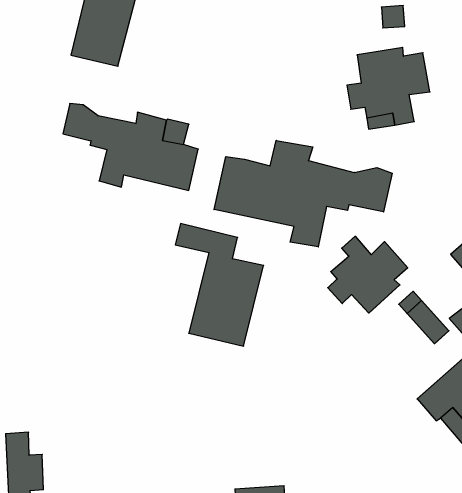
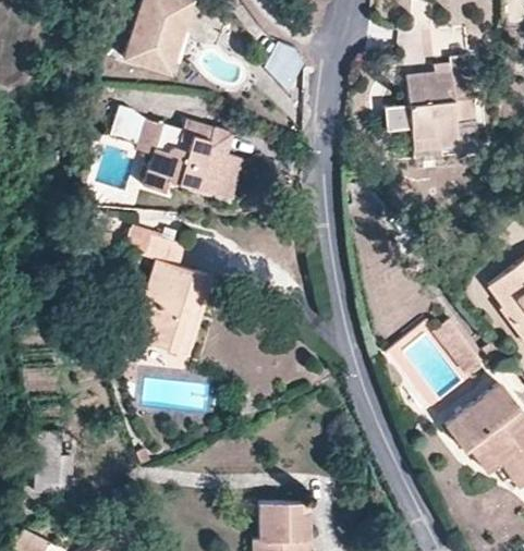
building: [214,140,392,247] -> none
building: [175,224,264,346] -> [125,229,211,354]
building: [328,236,408,313] -> none

